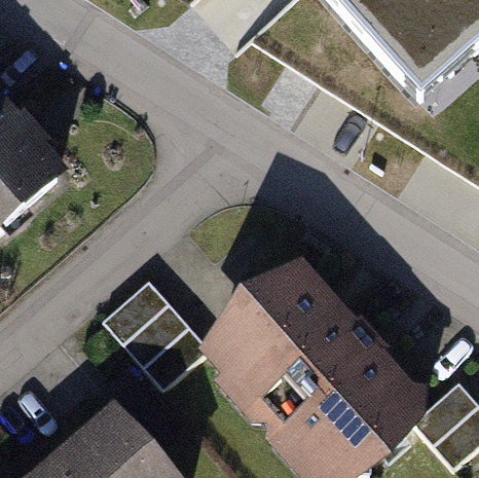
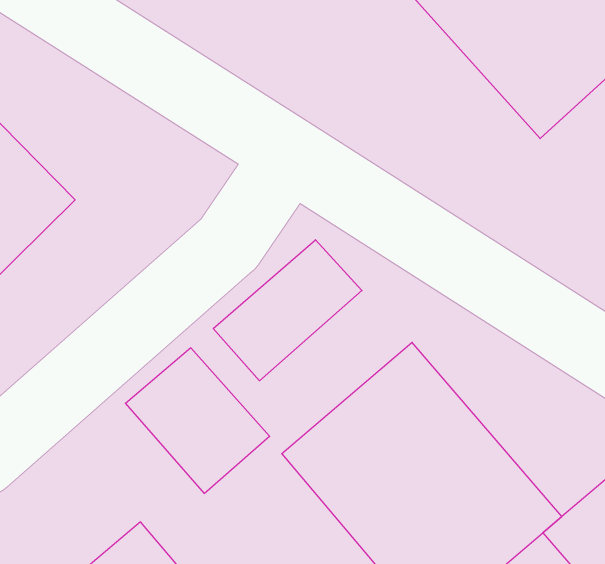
building: none -> [213,240,362,381]

